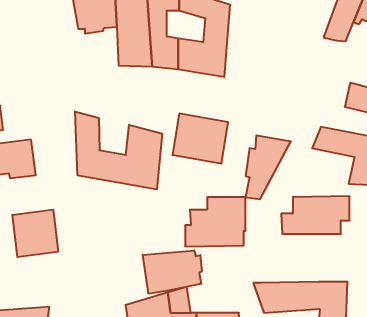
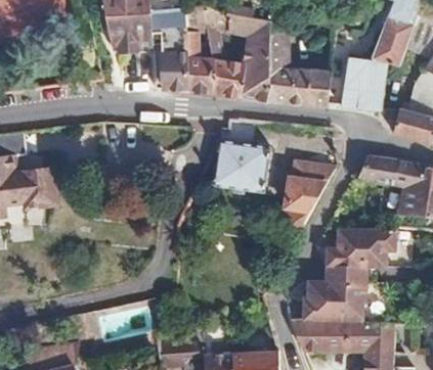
building: none -> [264,25,330,105]
building: none -> [341,56,383,109]
building: [75,111,162,189] -> none
building: [185,197,246,246] -> [302,268,366,320]
building: [12,210,58,257] -> none
building: [143,250,202,294] -> none

